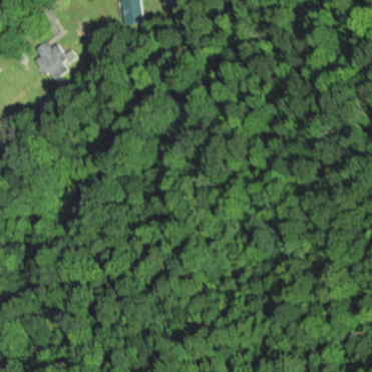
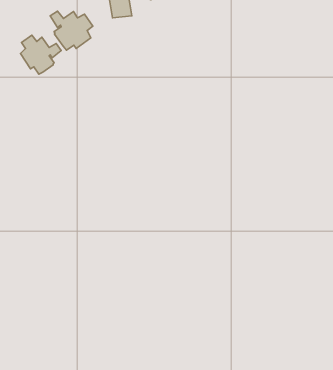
building: none -> [50,11,93,50]

